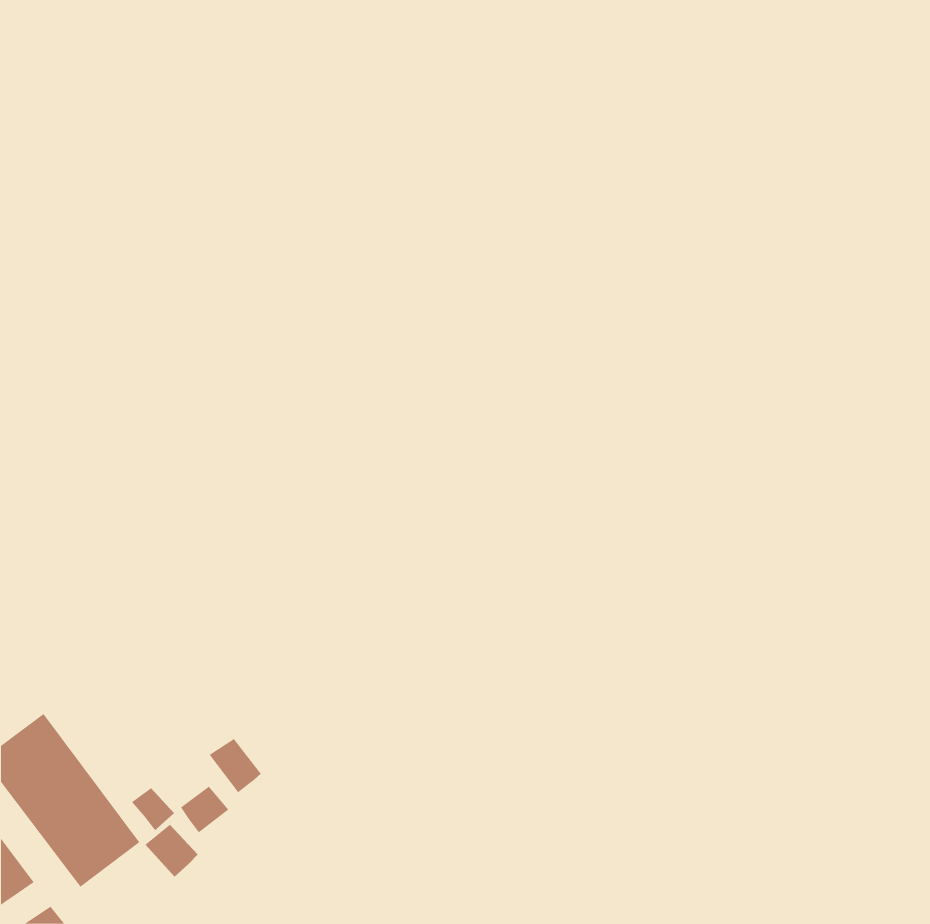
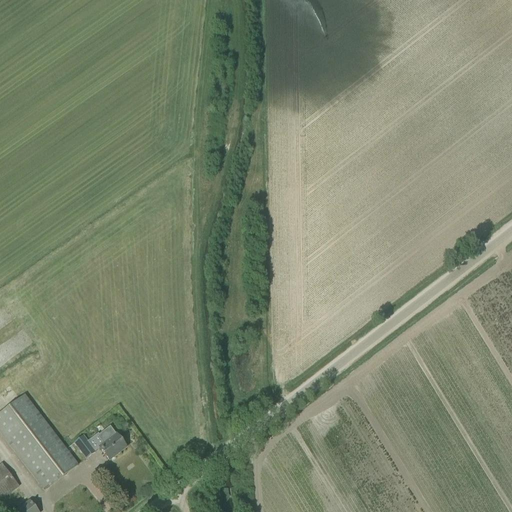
building: [209,738,261,793] -> none
building: [144,824,198,878] -> none

